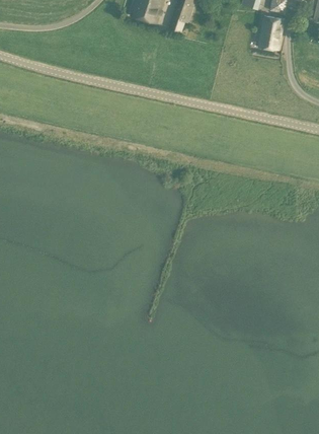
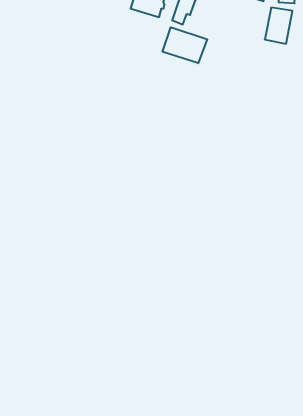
building: none -> [163,27,207,63]

